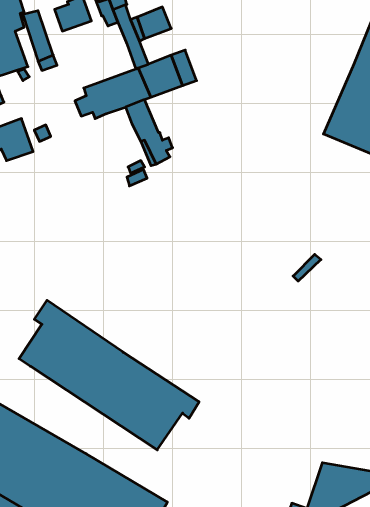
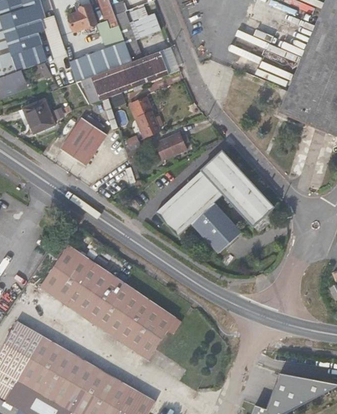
building: none -> [70,41,131,81]
building: none -> [61,115,109,166]
building: none -> [157,131,185,156]
building: none -> [155,149,273,252]

